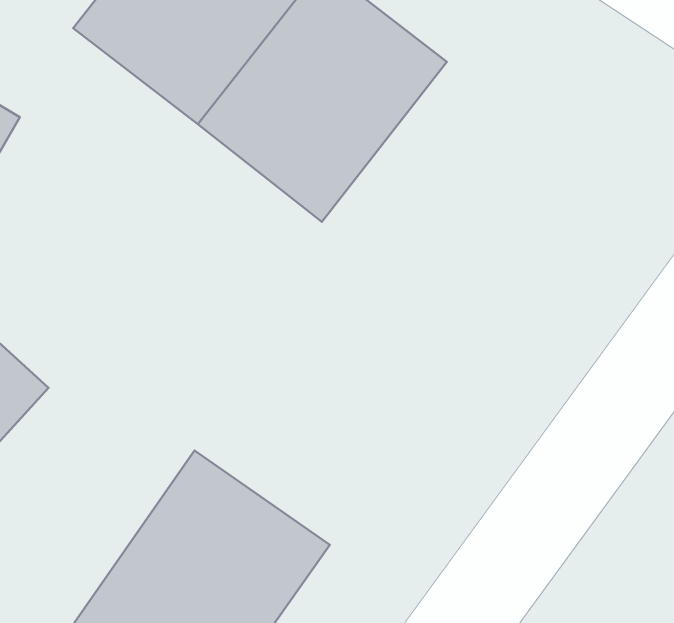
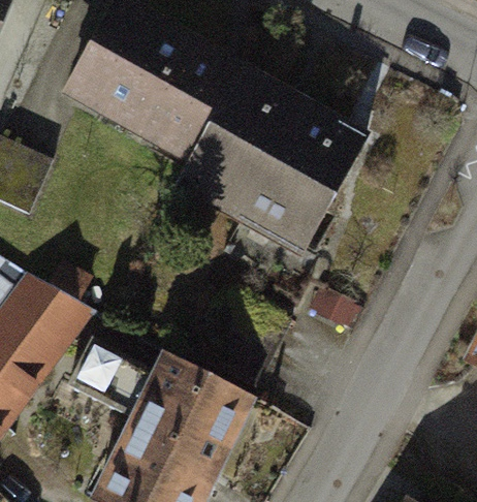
building: none -> [226,95,370,249]

